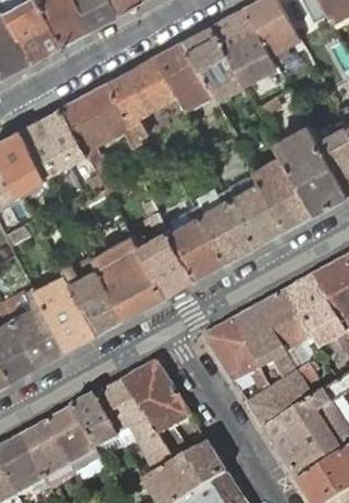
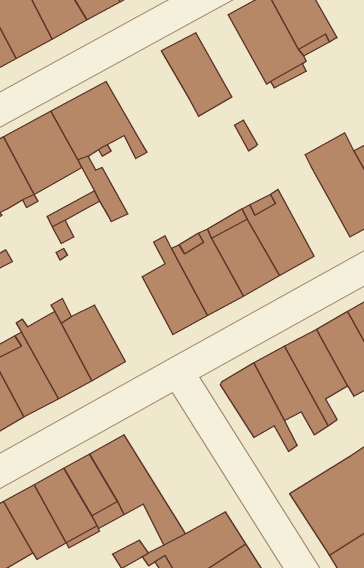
building: [184,25,245,103] -> none
building: [108,55,178,136] -> none
building: [252,154,314,229] -> none
building: [90,235,164,318] -> none
building: [123,363,190,436] -> none
building: [247,363,316,430] -> none

